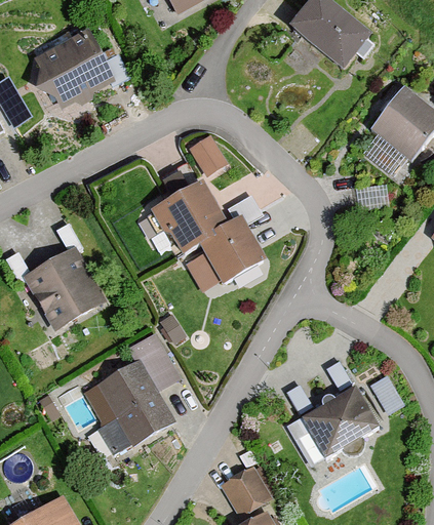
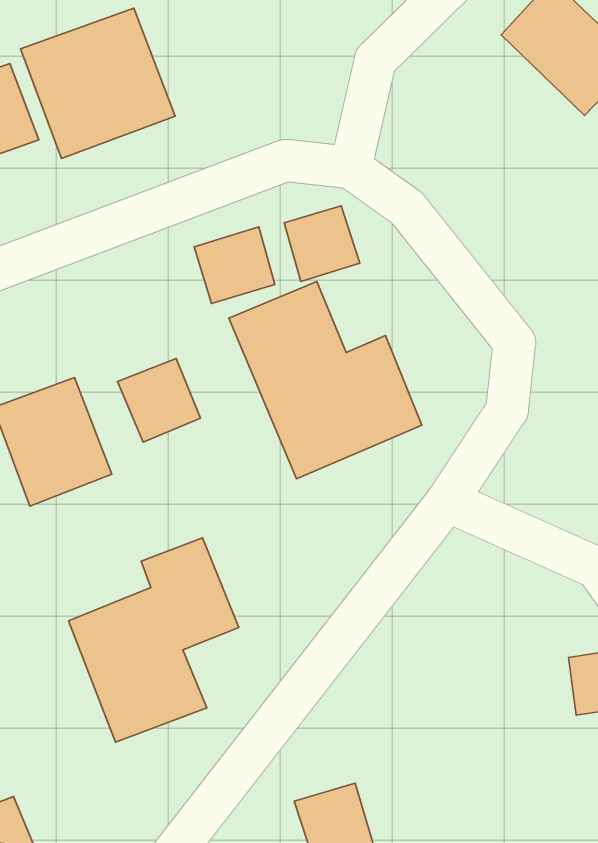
building: none -> [194,227,275,303]
building: none -> [118,359,200,442]
building: [300,390,377,457] -> none

